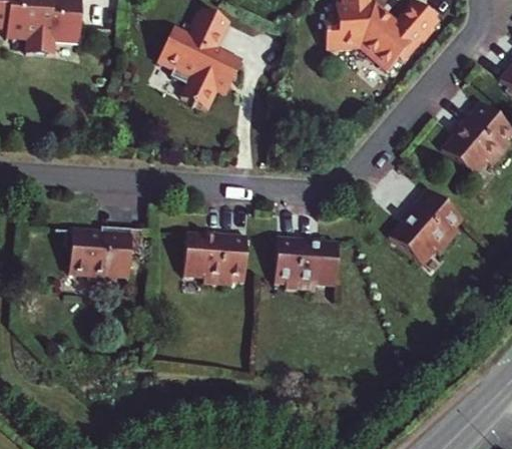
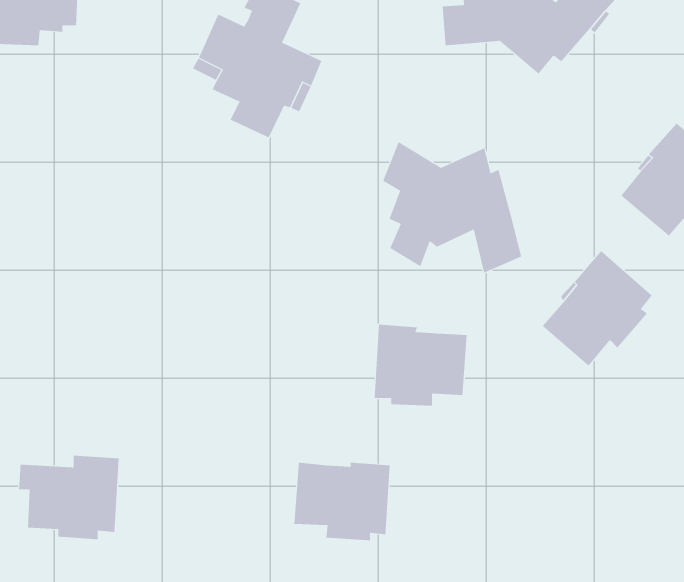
building: none -> [383,141,522,274]
building: [66,227,133,283] -> [18,455,120,540]
building: [182,233,246,285] -> [294,462,391,541]

